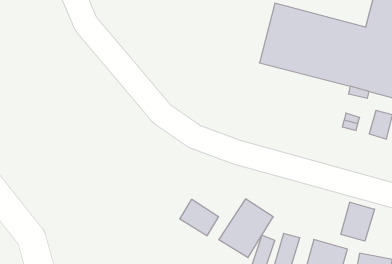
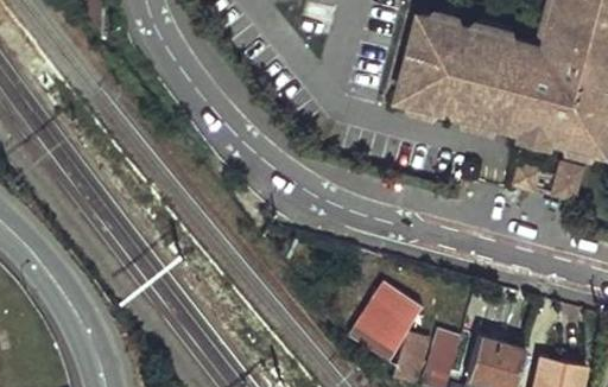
building: [180,199,218,236] -> none
building: [341,202,375,241] -> none

